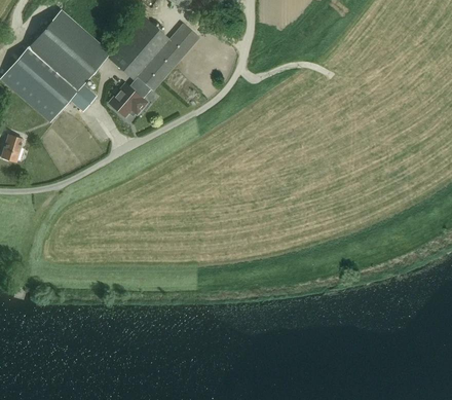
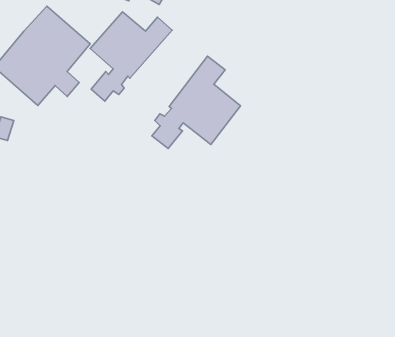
building: none -> [152,56,241,149]

